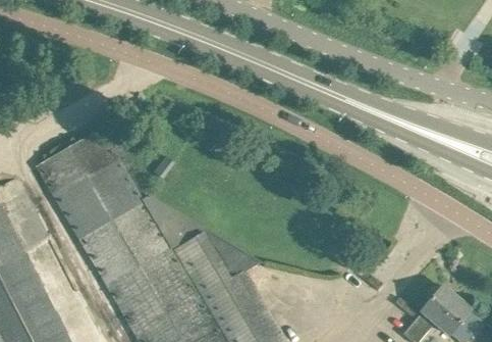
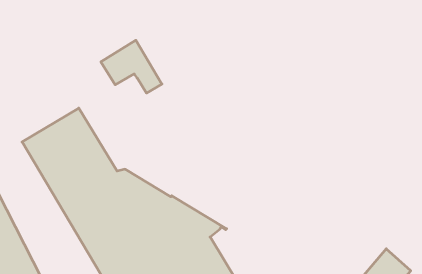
building: none -> [101,40,162,93]

